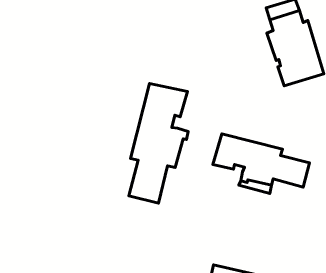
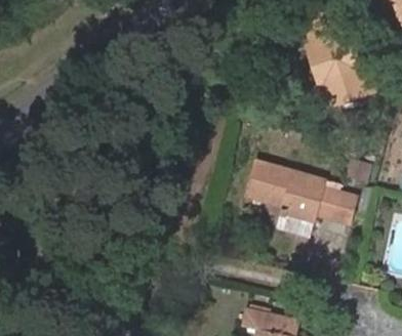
building: [129,83,188,203] -> none

